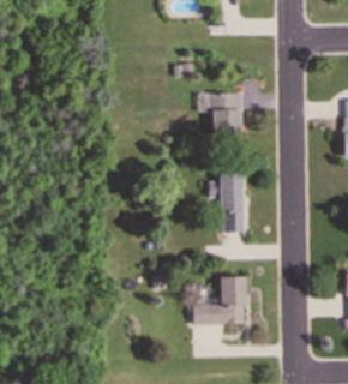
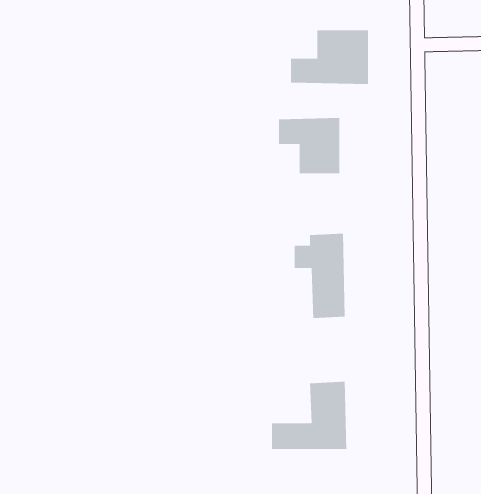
building: none -> [290,29,369,85]

